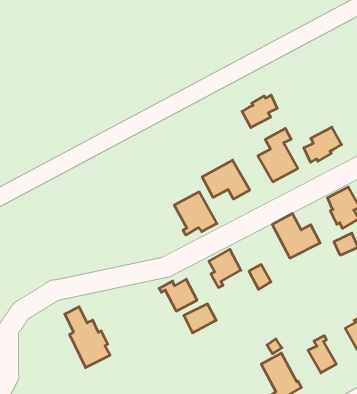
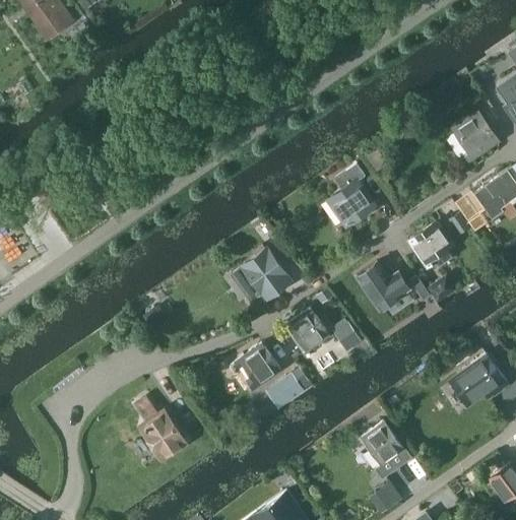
building: [242,95,277,128] -> none
building: [304,127,342,162] -> none
building: [202,160,250,199] -> none
building: [308,336,336,373] -> none

